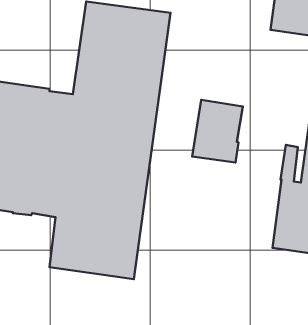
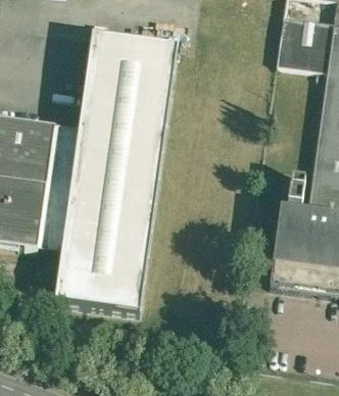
building: [192,100,243,163] -> none

